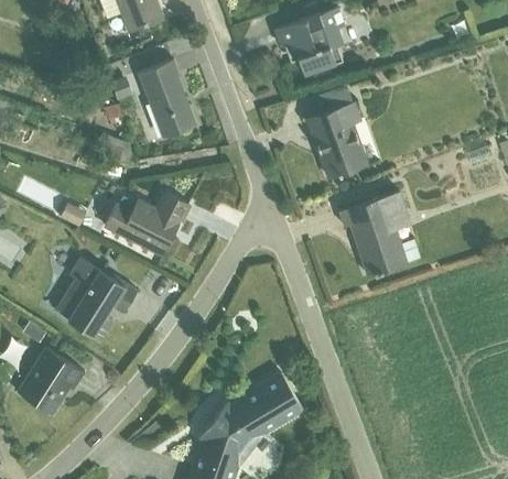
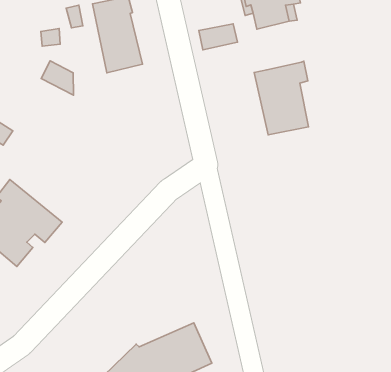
building: [312,84,352,113] -> [199,24,237,50]
building: [338,190,419,275] -> none
building: [104,192,188,255] -> none

